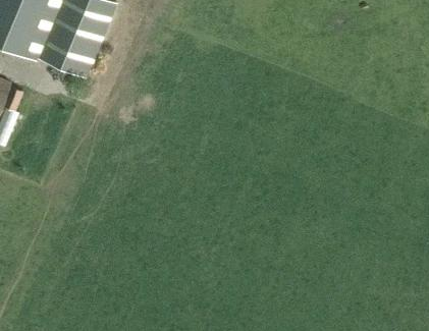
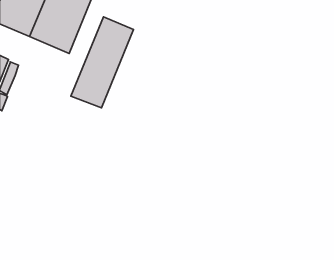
building: none -> [71,17,134,108]

